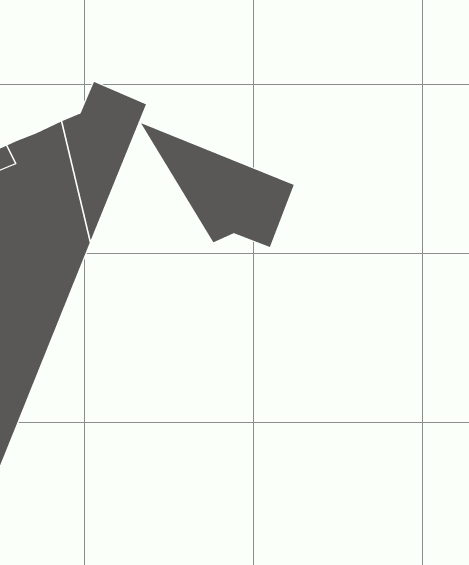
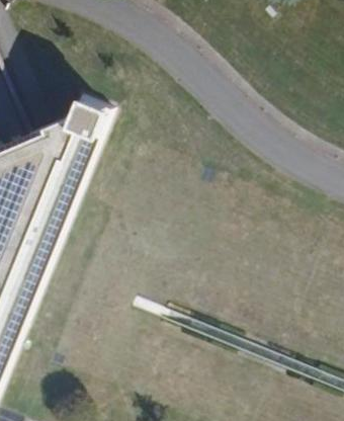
building: [140,122,294,248] -> none

